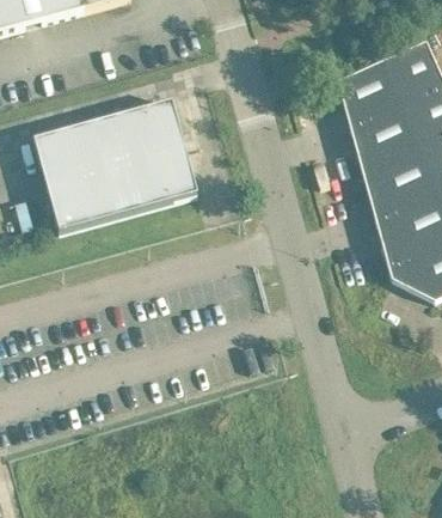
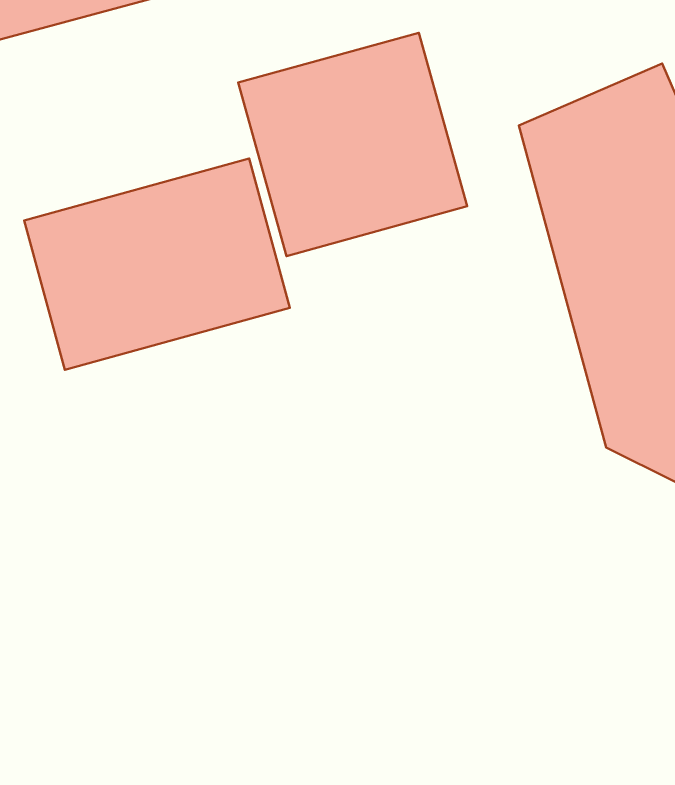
building: none -> [238,33,467,256]

